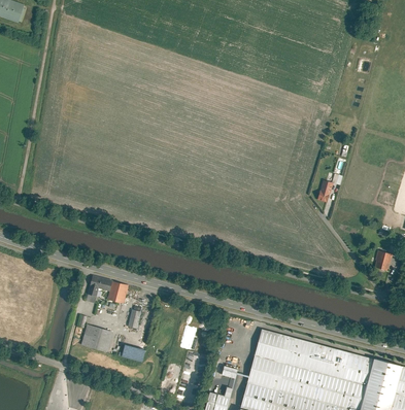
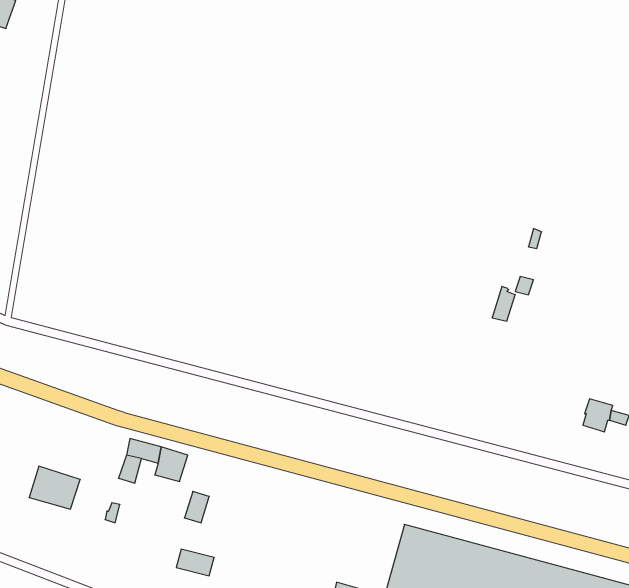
building: [81,324,113,351] -> [29,466,80,509]

